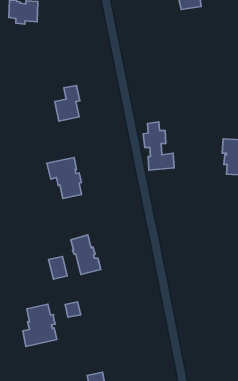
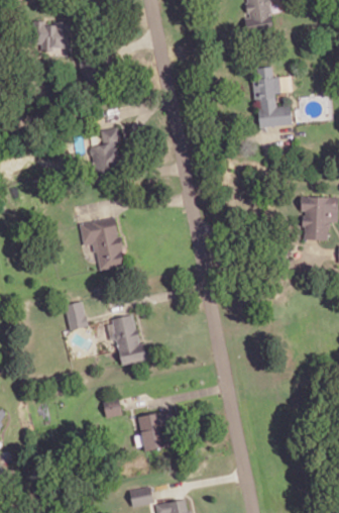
building: [143,122,174,170] -> [252,67,291,127]
building: [49,256,67,279] -> [65,302,88,330]
building: [23,304,57,346] -> none
building: none -> [138,412,172,451]

